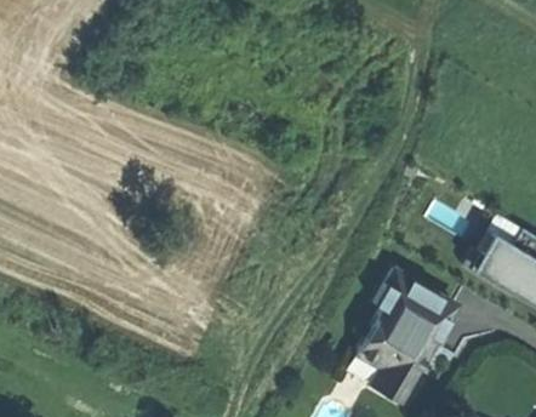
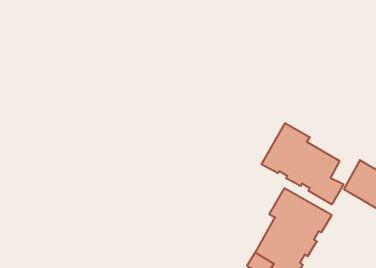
building: none -> [262,123,343,204]

